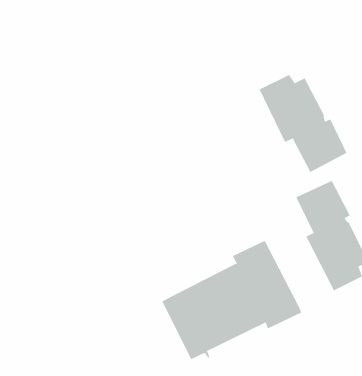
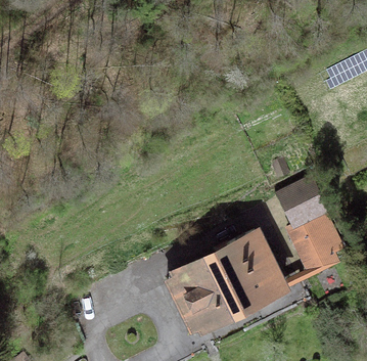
building: [259,74,347,173] -> none

